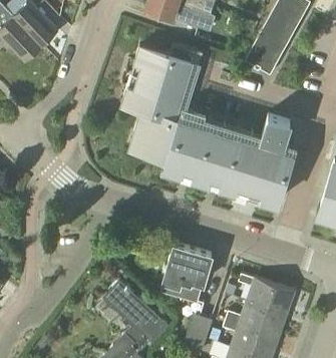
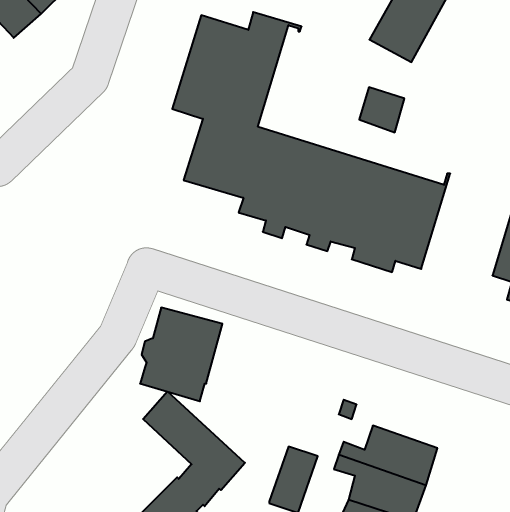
building: [262,114,290,142] -> [359,87,404,132]
building: [160,244,212,302] -> [140,308,222,401]
building: [239,273,295,314] -> none

